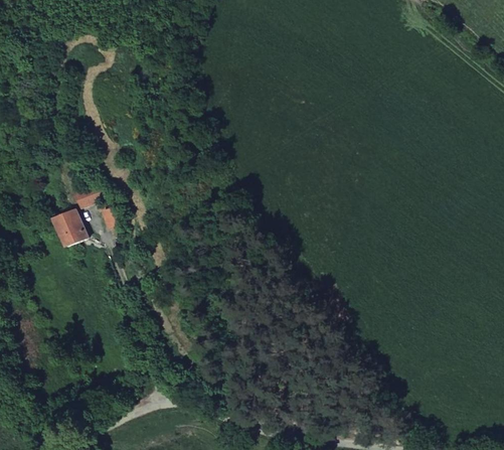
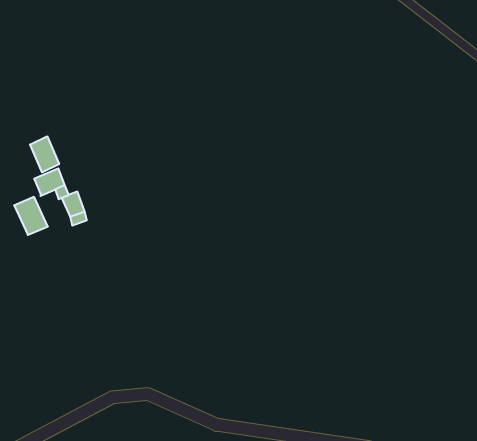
building: none -> [30,136,59,172]

